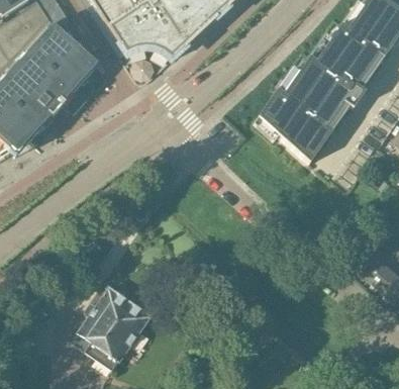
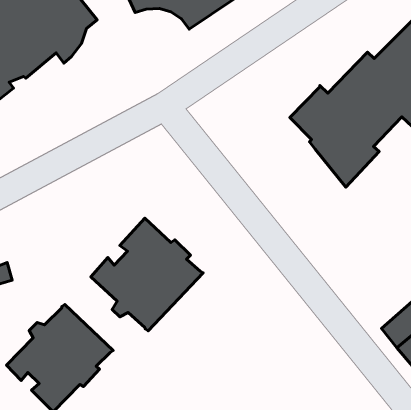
building: none -> [91,218,203,331]

